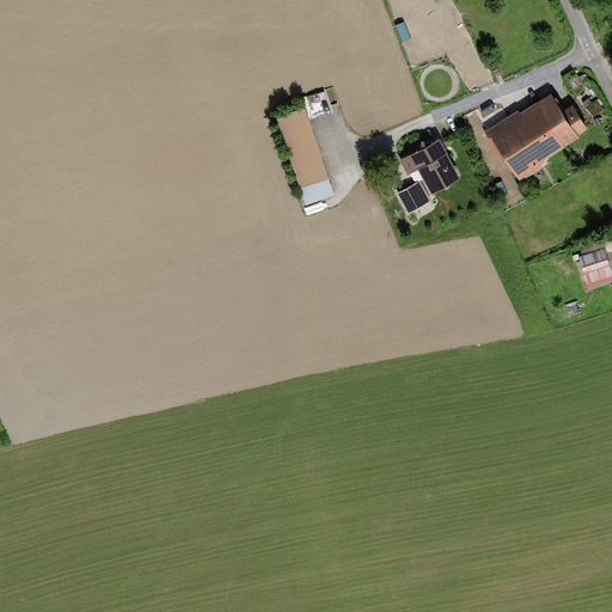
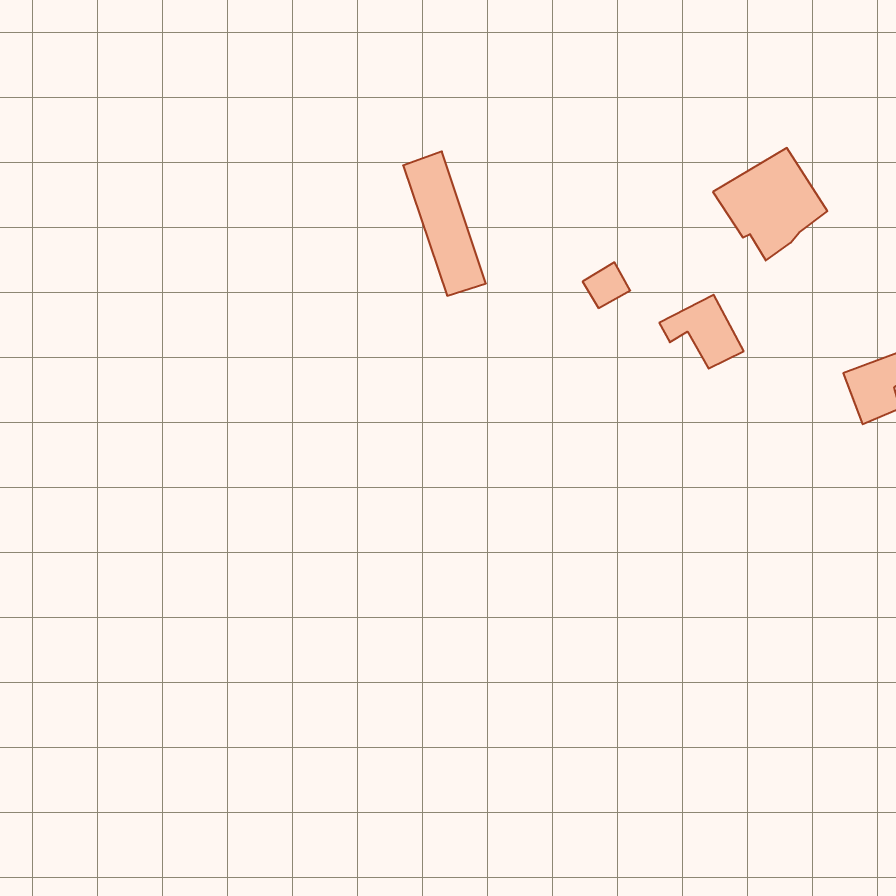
building: [537,94,588,146] -> none
building: [400,139,458,189] -> [659,295,744,369]

